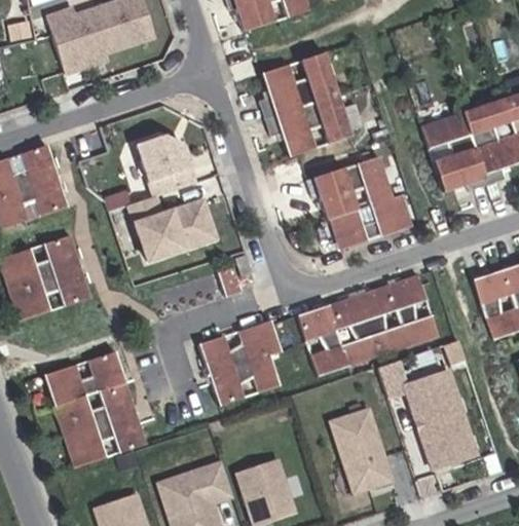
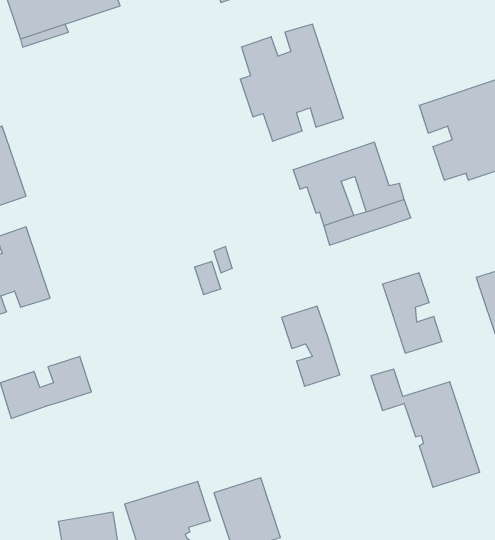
building: [128,126,218,261] -> none
building: [329,286,408,367] -> none
building: [198,320,283,407] -> none
building: [54,382,147,468] -> none
building: [332,404,394,492] -> none

